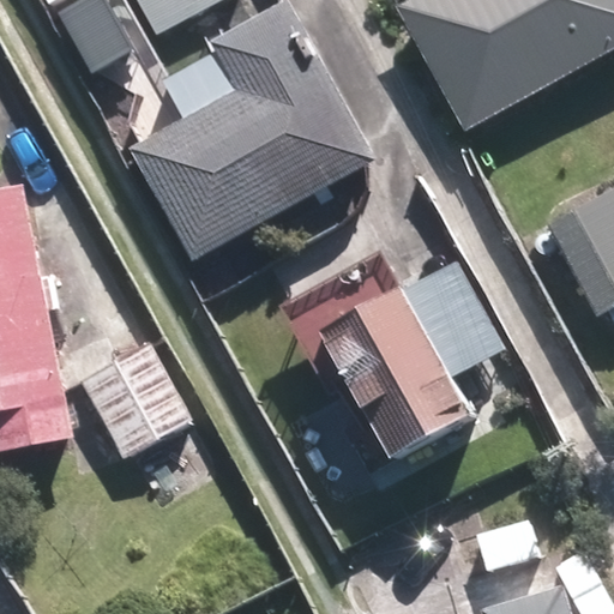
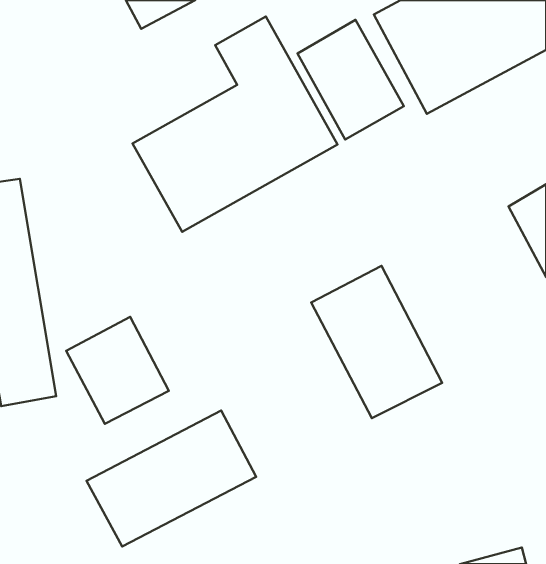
building: none -> [297,20,404,139]
building: none -> [86,410,256,547]

